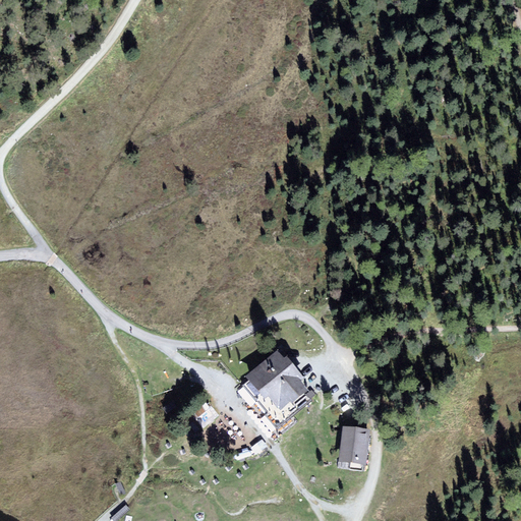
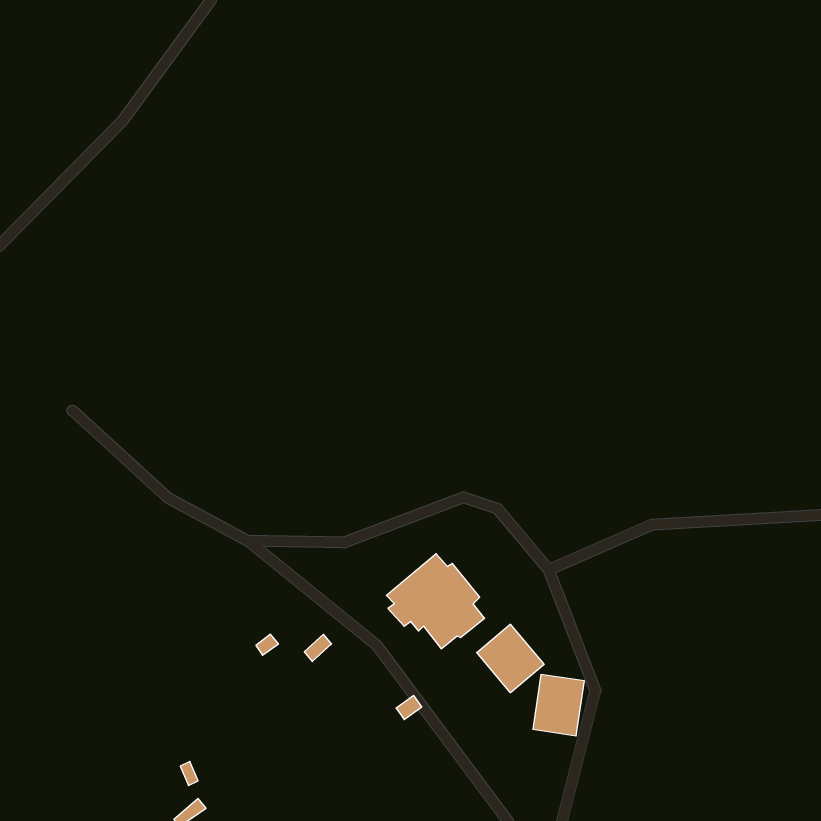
building: none -> [477,624,544,693]

